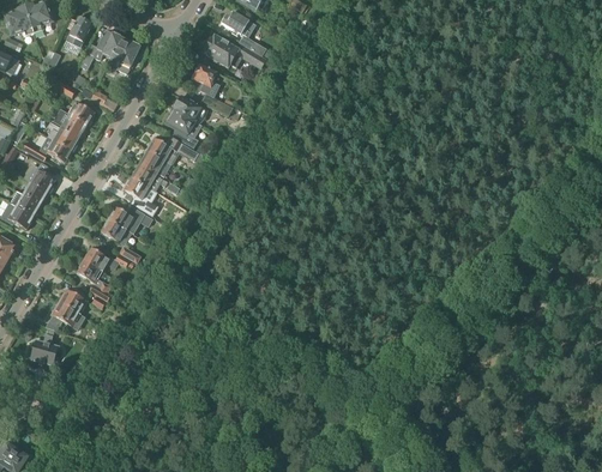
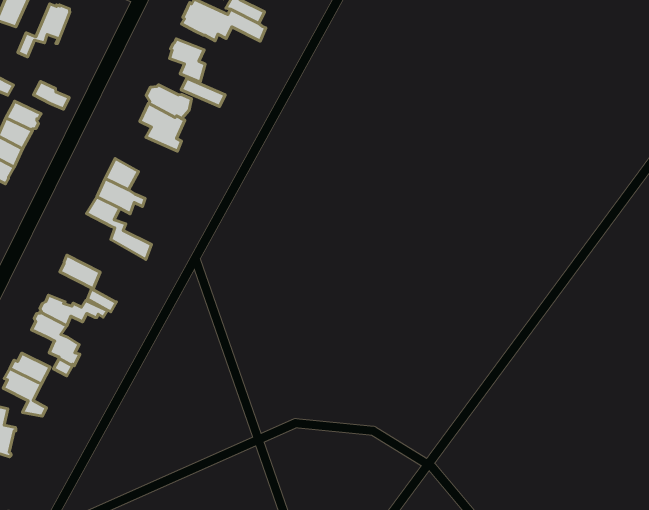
building: [110,37,140,72] -> none
building: [148,134,193,163] -> none
building: [107,204,152,232] -> none

